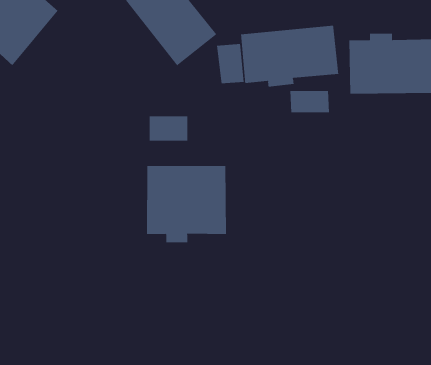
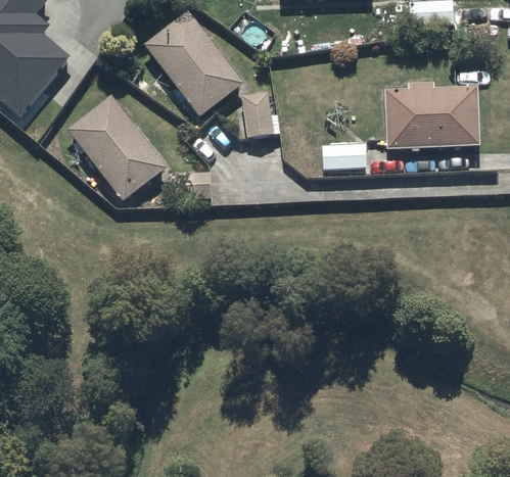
building: [240,25,339,87] -> none
building: none -> [65,95,165,201]
building: [146,165,227,243] -> none

